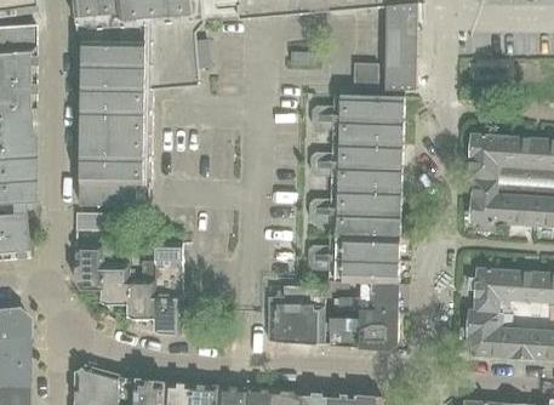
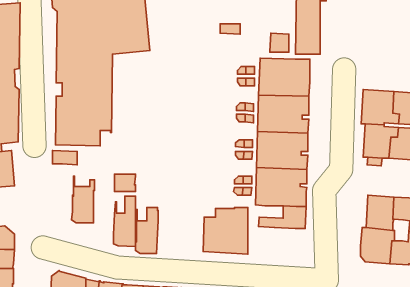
building: [74,245,103,291] -> none
building: [127,262,156,320] -> [135,208,158,253]
building: [349,312,398,350] -> none

